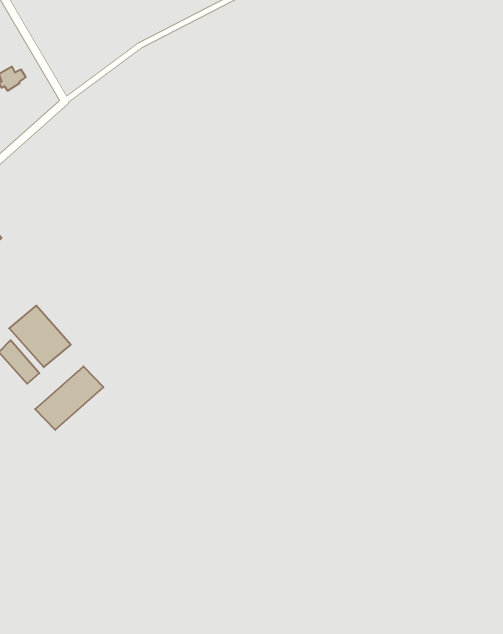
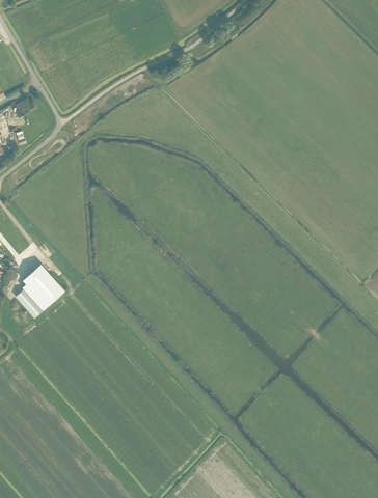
building: [35,366,103,430] -> none

